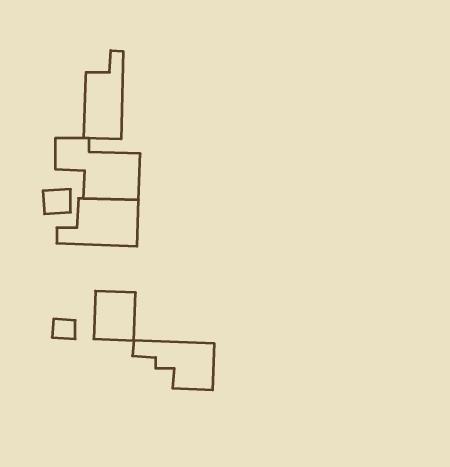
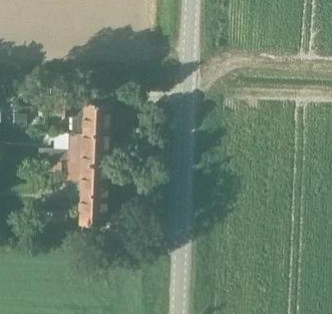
building: [84,50,123,139] -> none
building: [132,340,214,390] -> [54,166,107,198]

